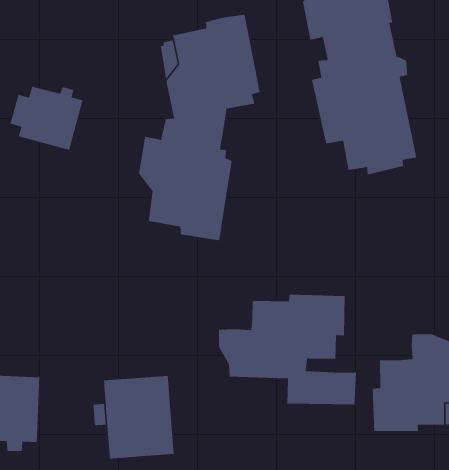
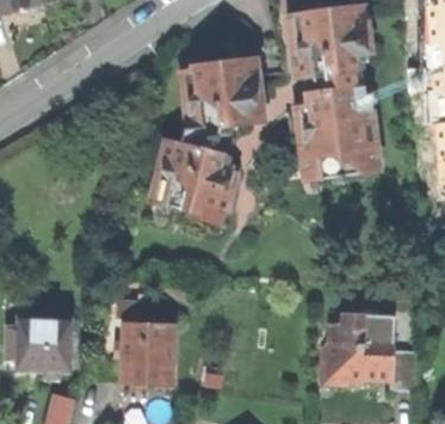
building: [10,86,84,151] -> none
building: [218,294,357,405] -> none

